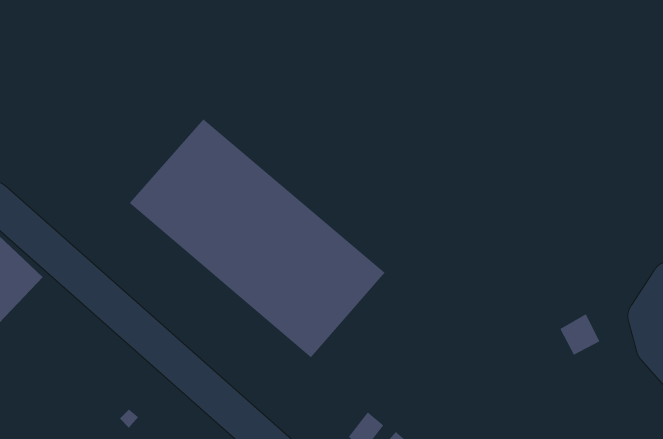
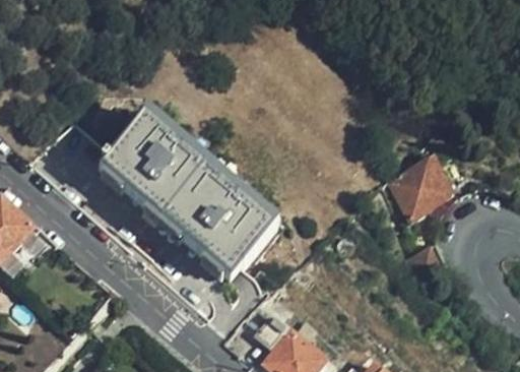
building: none -> [390,161,451,219]

